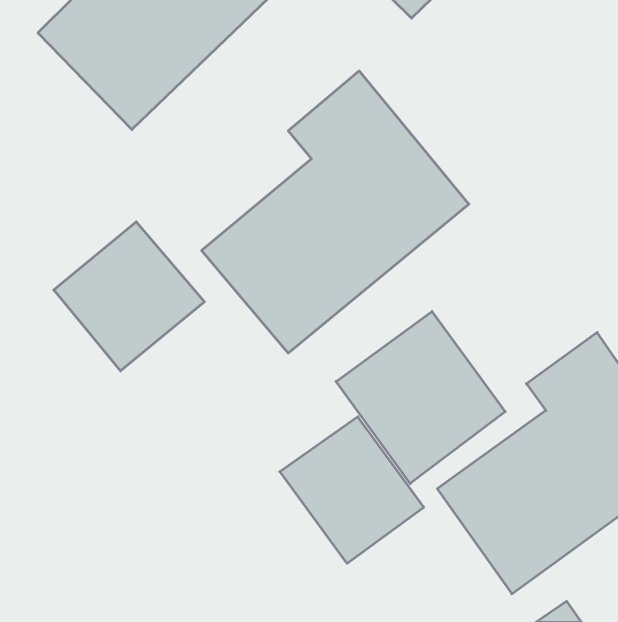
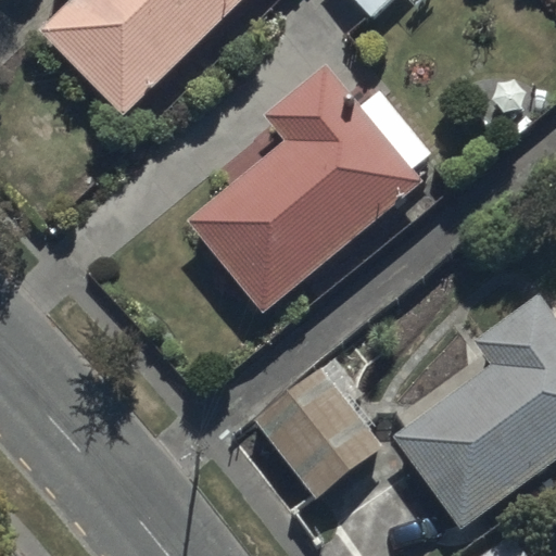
building: [54,222,204,371] -> none
building: [336,311,505,484] -> none

